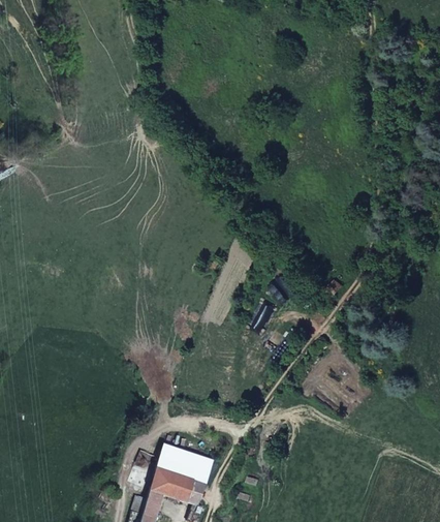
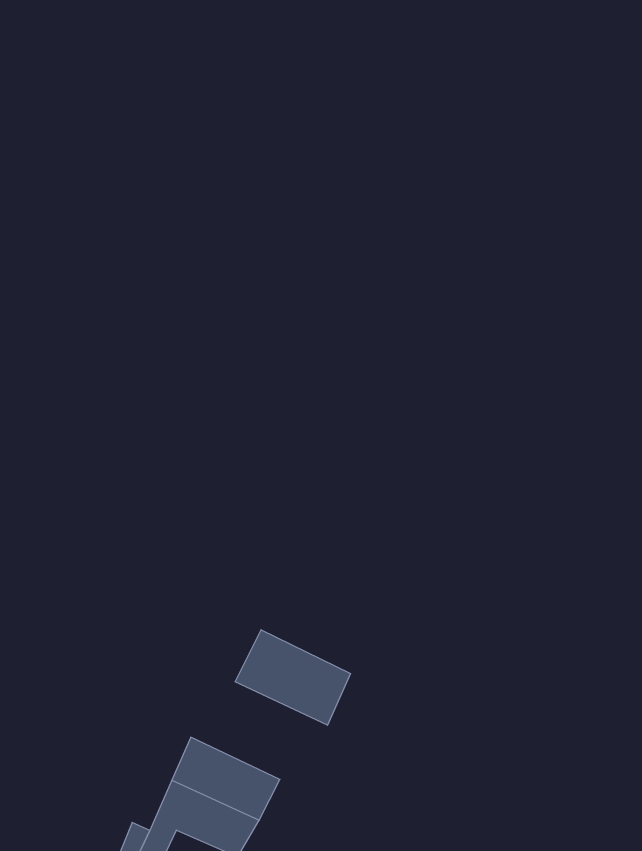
building: none -> [235,630,350,725]

